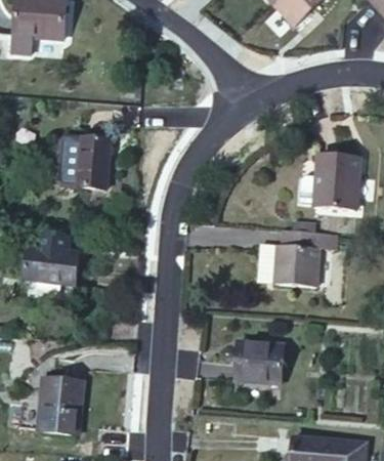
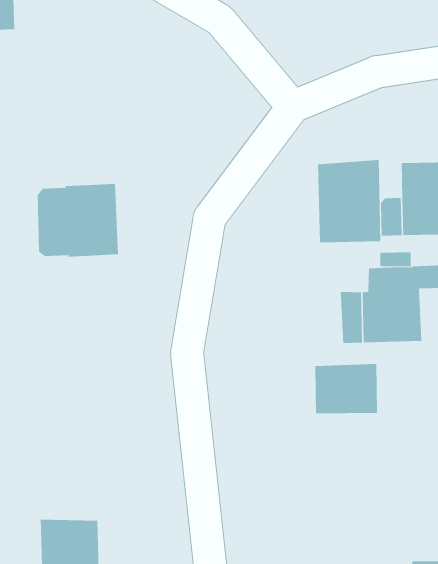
building: none -> [317,159,381,243]
building: [26,235,81,284] -> none
building: [239,345,286,383] -> [315,364,378,414]

